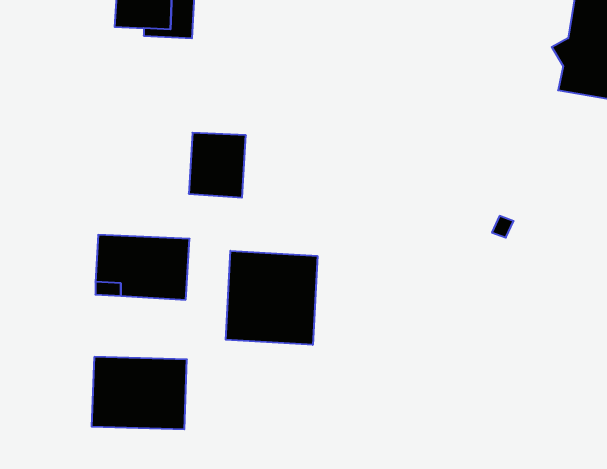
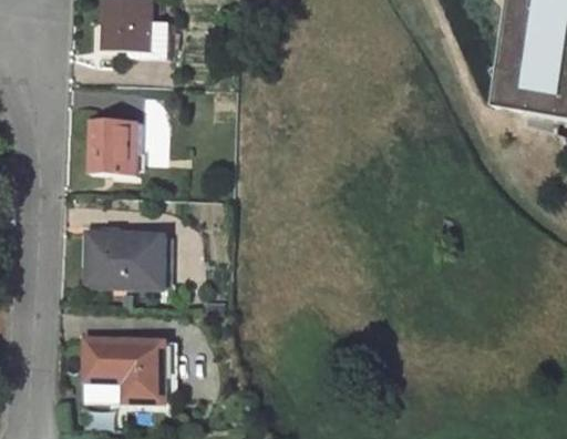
building: [189,133,246,198] -> [87,118,137,174]
building: [226,251,317,345] -> none

